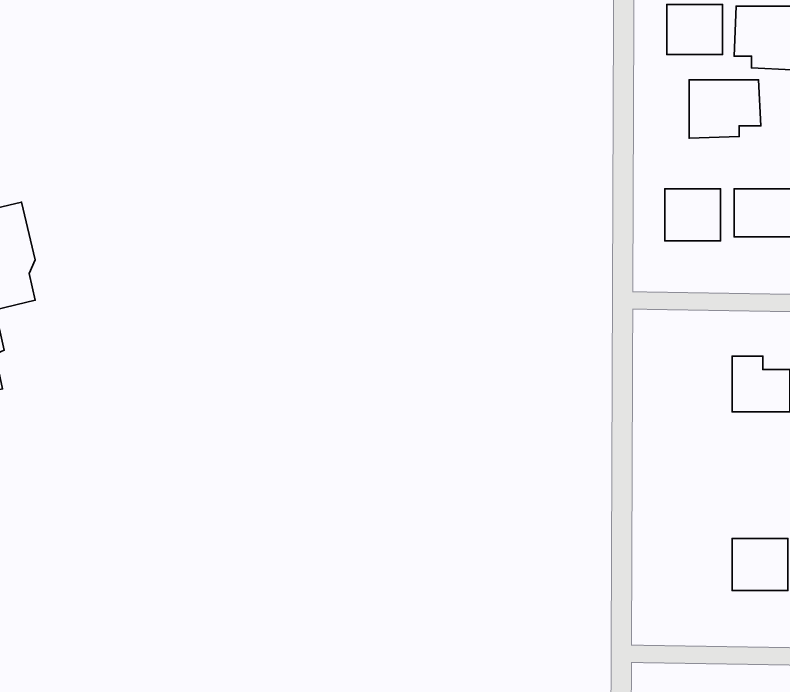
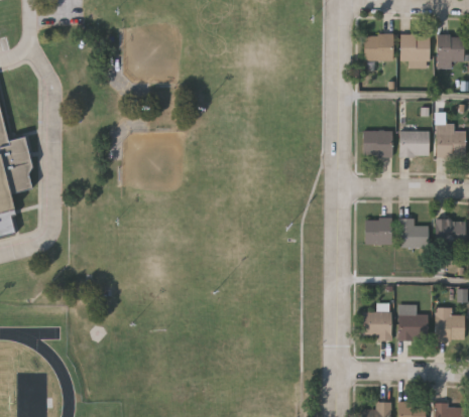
building: [689,80,761,138] -> none
building: none -> [365,218,391,243]
building: none -> [362,311,391,338]

